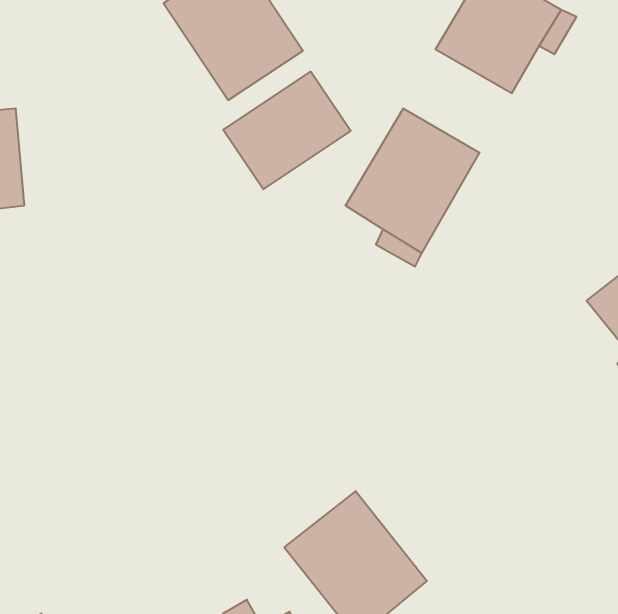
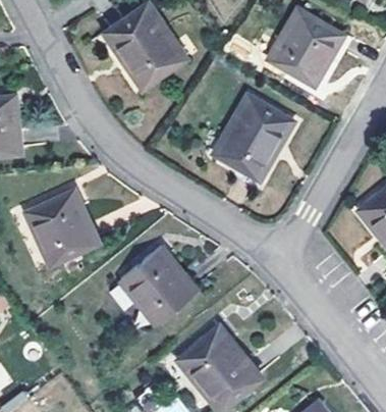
building: [223,72,351,189] -> none
building: none -> [25,188,99,265]
building: none -> [118,244,199,325]

